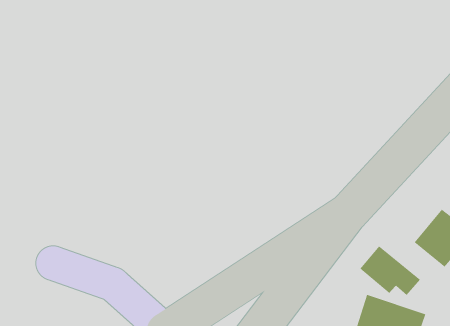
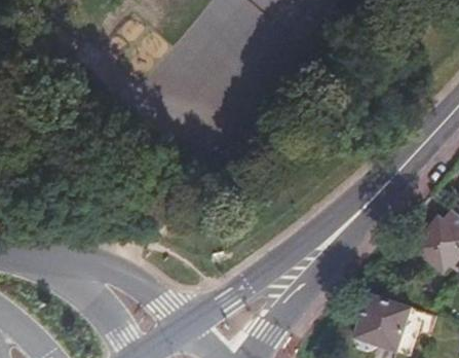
building: [359,245,421,296] -> none

